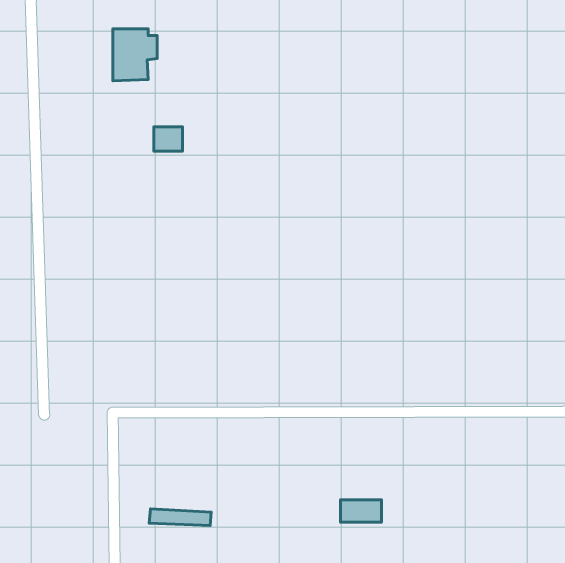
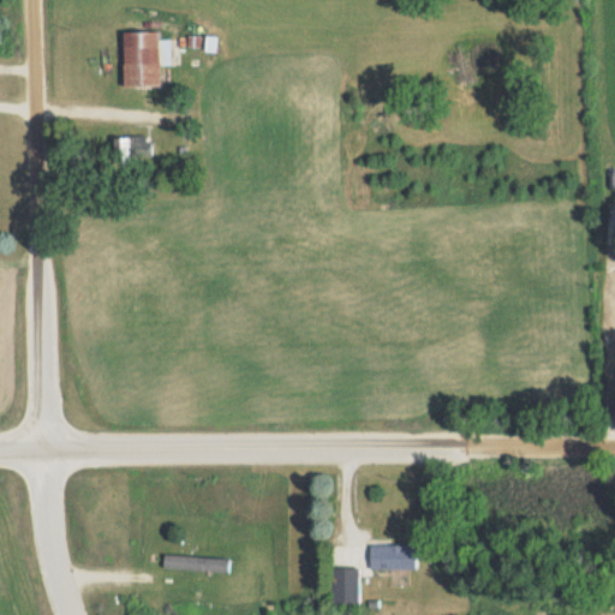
building: [154,127,183,151] -> [119,138,150,165]
building: none -> [330,568,358,604]

